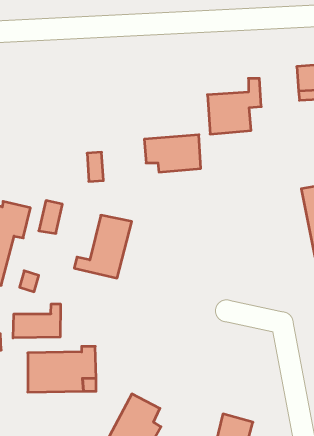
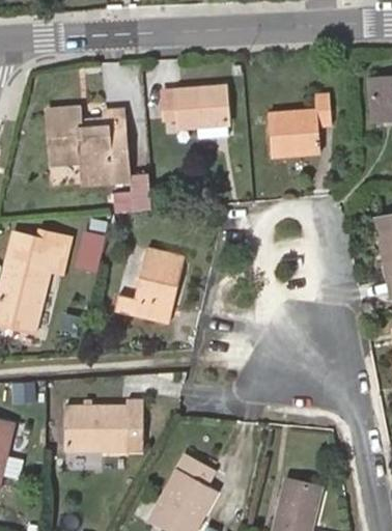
building: none -> [46,106,128,183]
building: [144,135,201,172] -> [163,85,227,128]
building: [13,304,60,338] -> none

